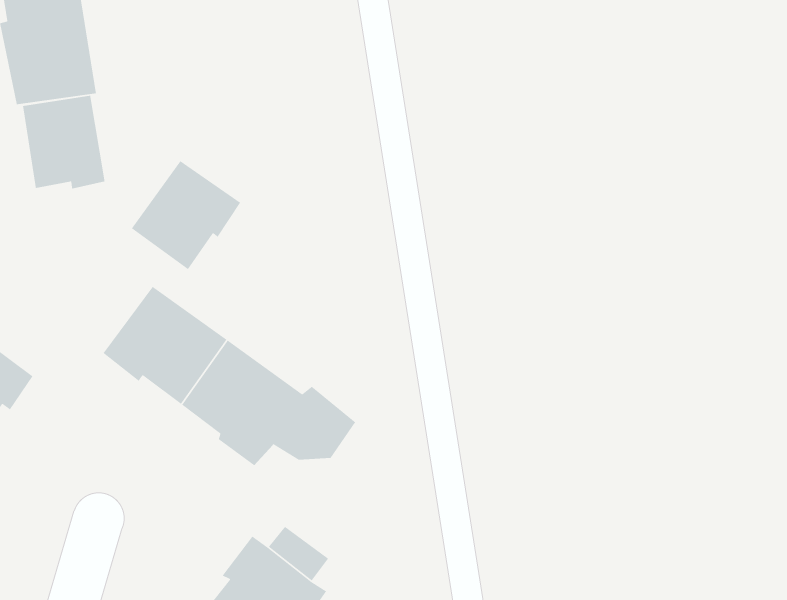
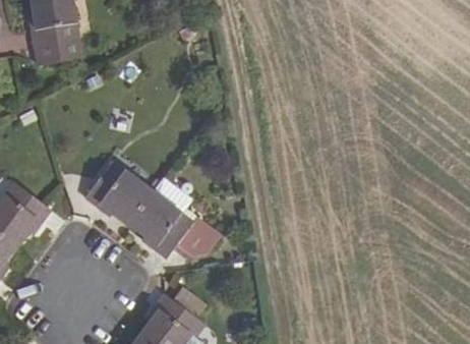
building: [22,95,106,189] -> none
building: [131,160,241,270] -> none

